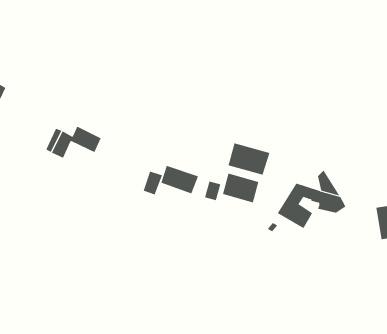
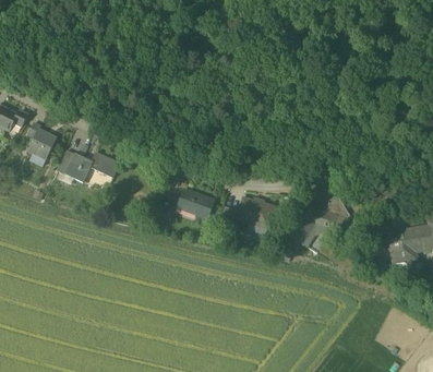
building: none -> [27,121,56,158]
building: [228,142,270,175] -> none

